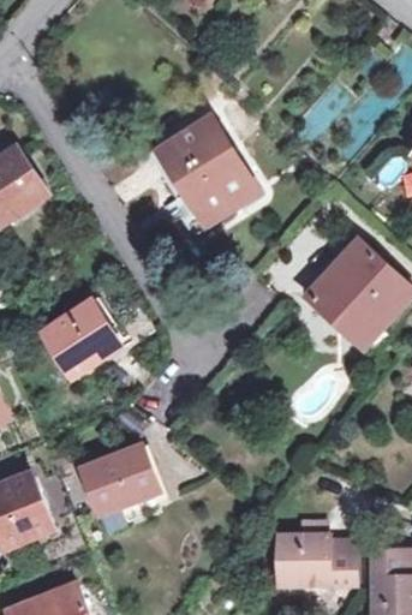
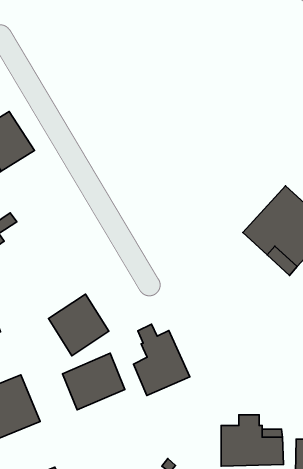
building: [159,118,258,226] -> none
building: [42,301,117,377] -> [48,294,109,356]
building: none -> [133,324,190,395]

